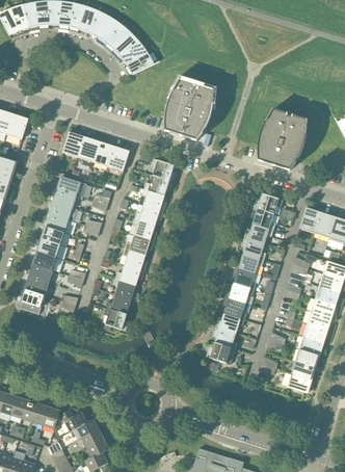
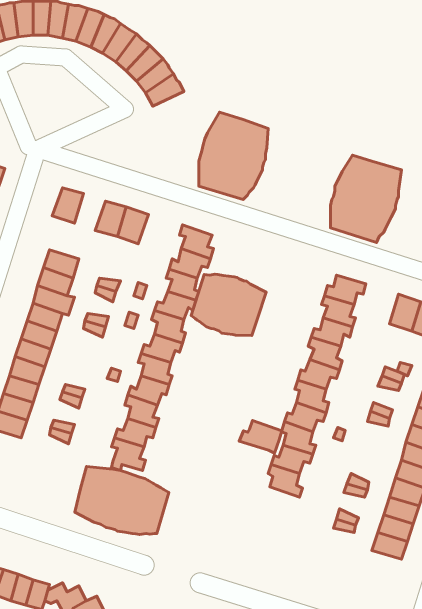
building: [78,136,100,167] -> none
building: none -> [191,274,266,336]
building: none -> [75,467,169,534]
building: [206,342,236,365] -> [239,420,282,453]

